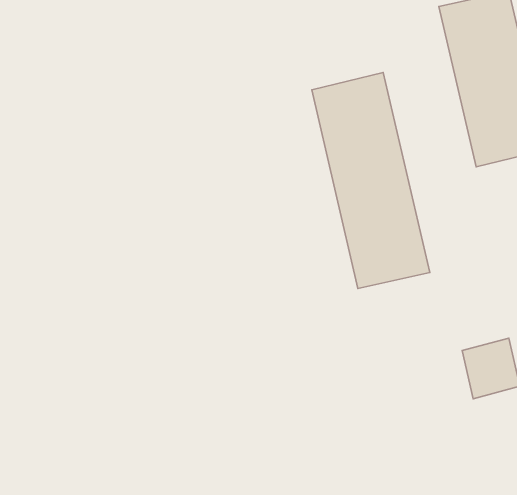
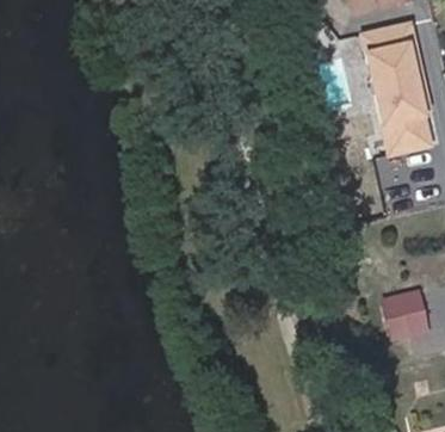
building: [312,72,430,288] -> none

